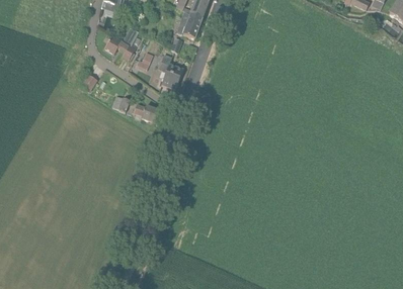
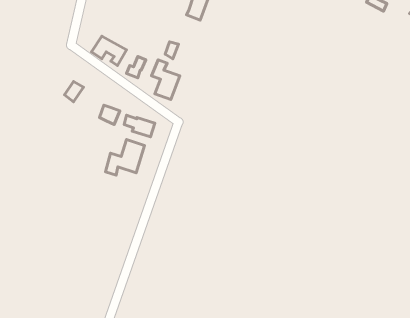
building: [176,10,202,37] -> none
building: none -> [106,140,145,175]

